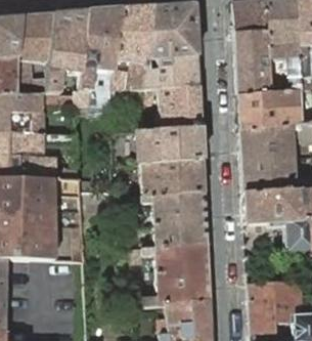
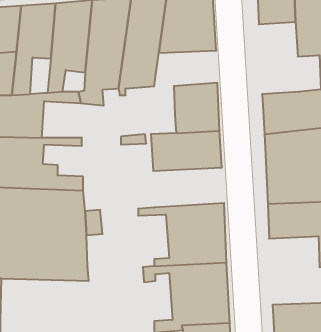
building: [235,29,271,93] -> none
building: [142,54,198,86] -> none
building: [141,159,205,195] -> none

